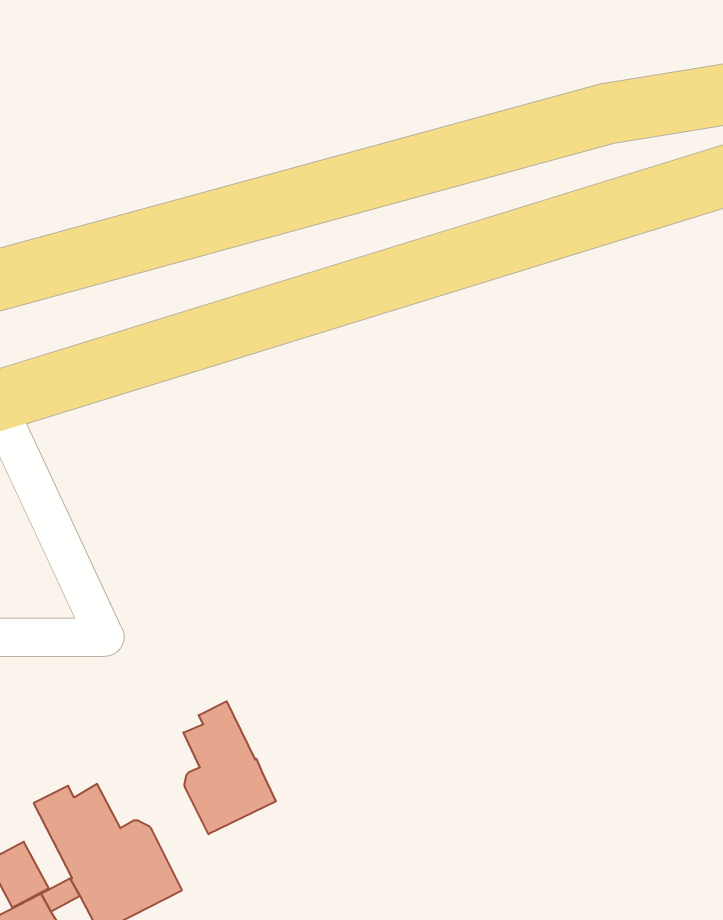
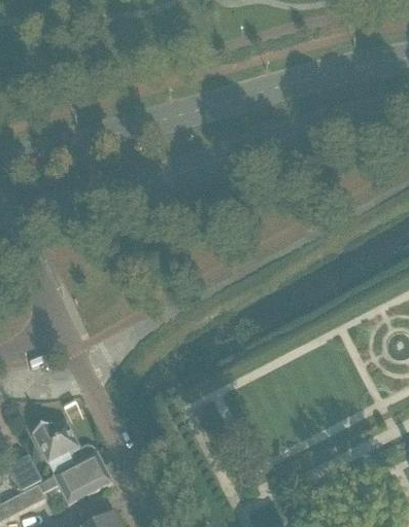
building: [183,701,276,834] -> none

